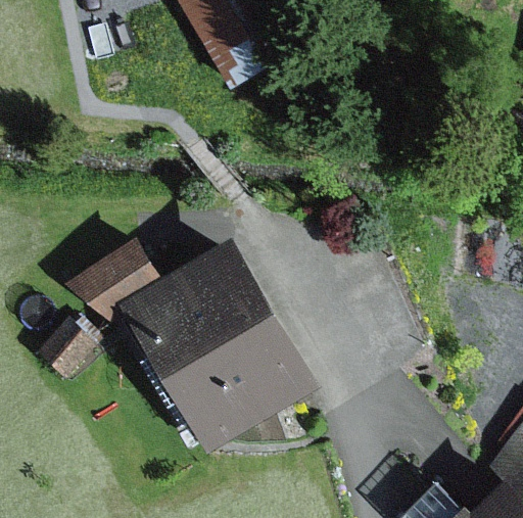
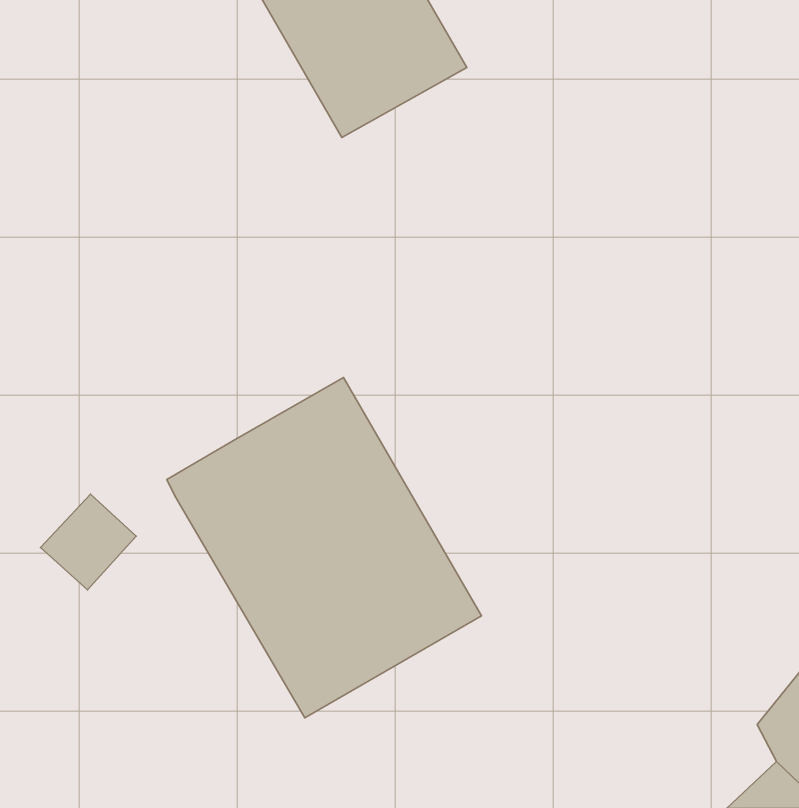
building: [66,237,160,321] -> none

